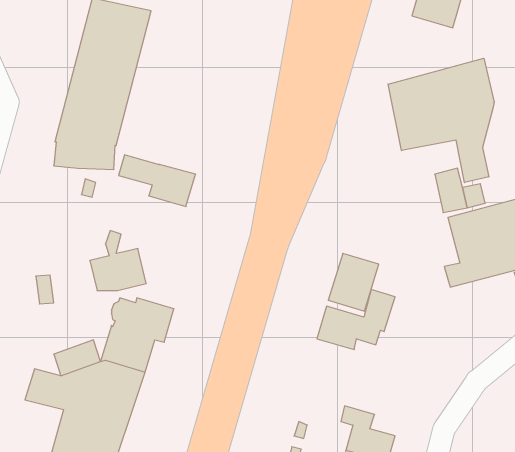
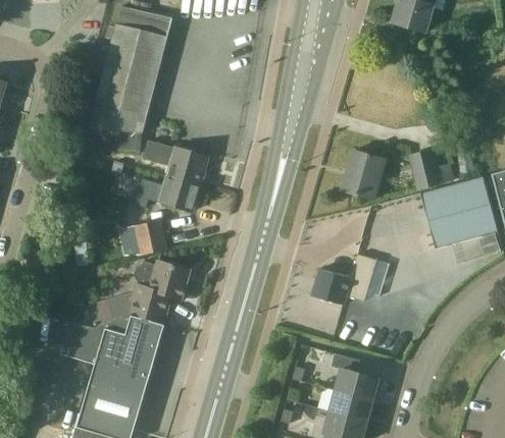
building: [388,58,494,183] -> none
building: none -> [136,174,200,211]
building: [328,253,379,311] -> [342,150,385,199]

